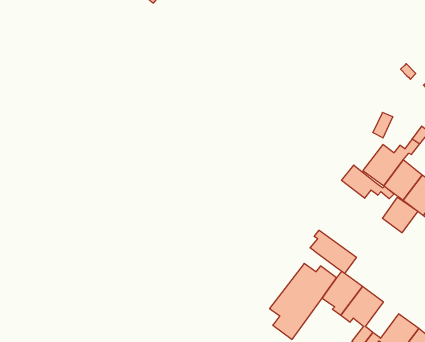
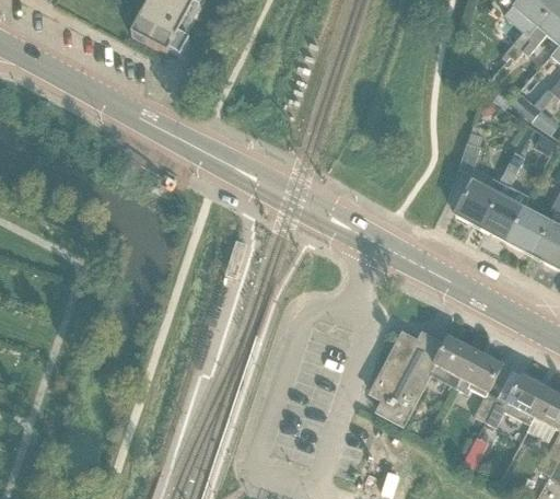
building: [342,165,394,199] -> none
building: [382,197,418,233] -> none
building: [310,230,356,273] -> none

